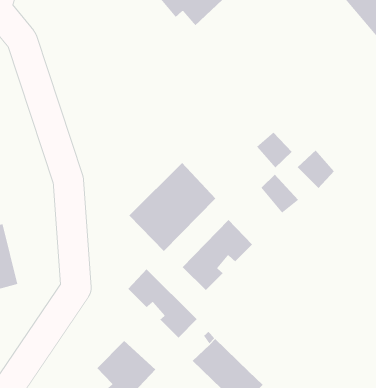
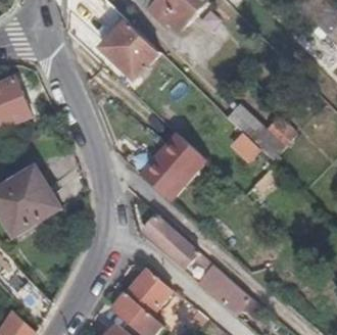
building: none -> [101,19,159,79]
building: [182,219,253,291] -> none

